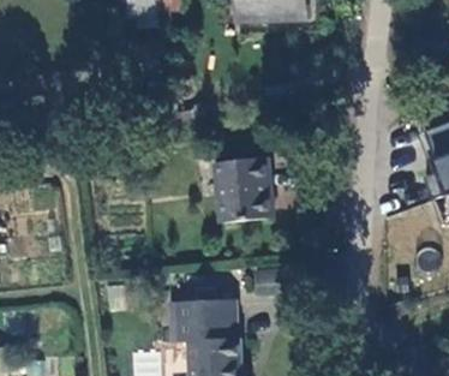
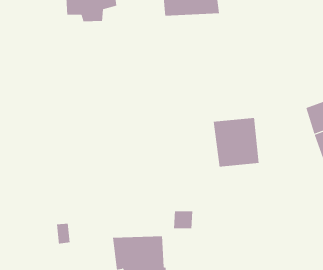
building: [214,157,273,220] -> [213,118,260,167]

